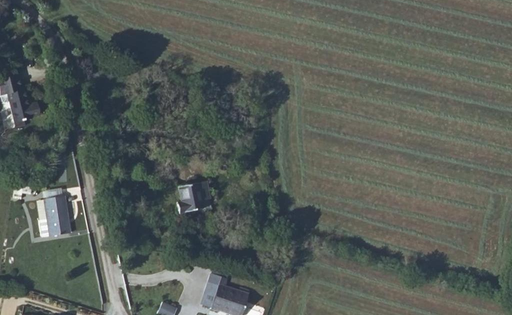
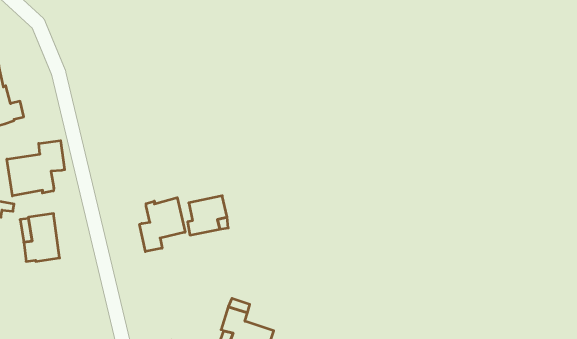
building: none -> [7,141,65,196]
building: none -> [140,198,185,252]

